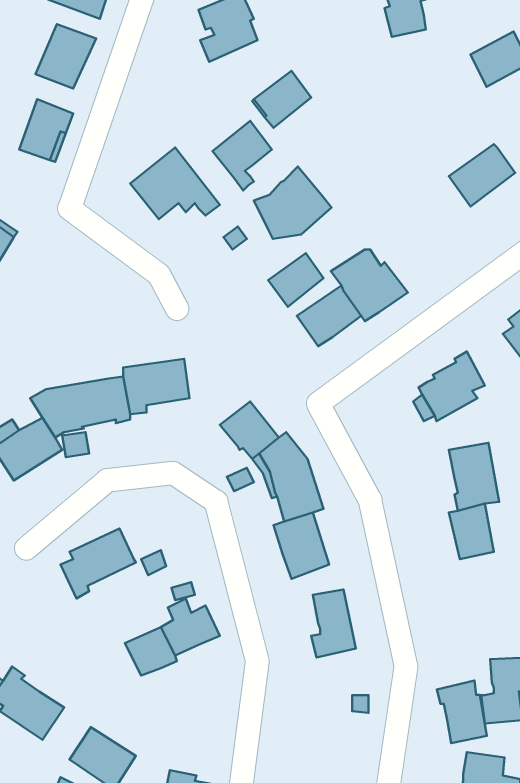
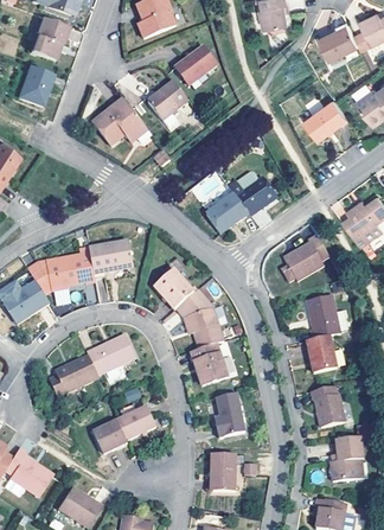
building: [254,167,332,239] -> none
building: none -> [88,332,136,372]
building: none -> [210,452,235,491]
building: [437,681,487,743] -> [311,385,344,427]

